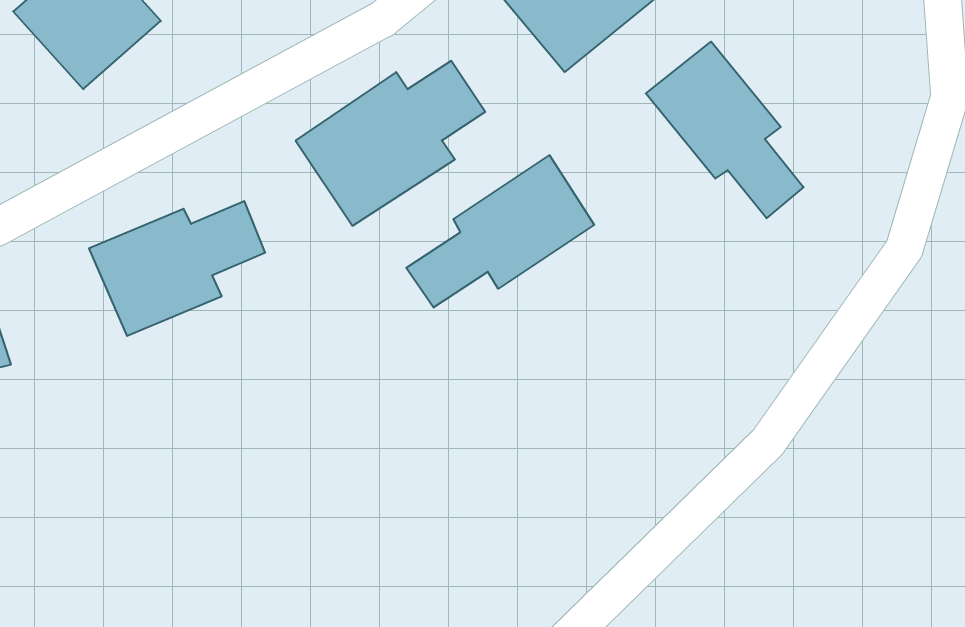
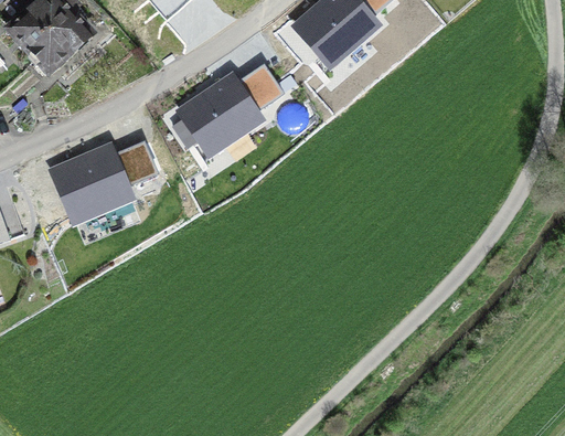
building: [646,42,804,218] -> none
building: [406,155,594,308] -> none

